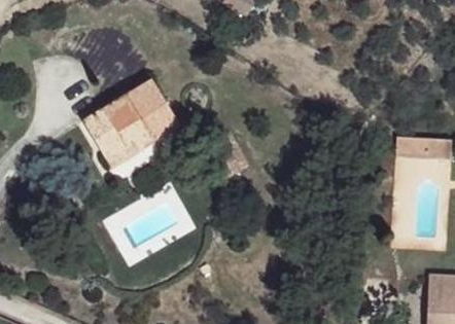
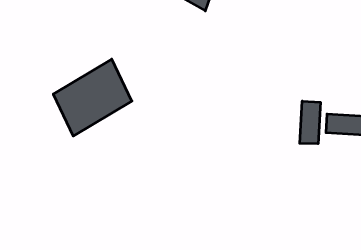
building: none -> [300,101,320,144]

